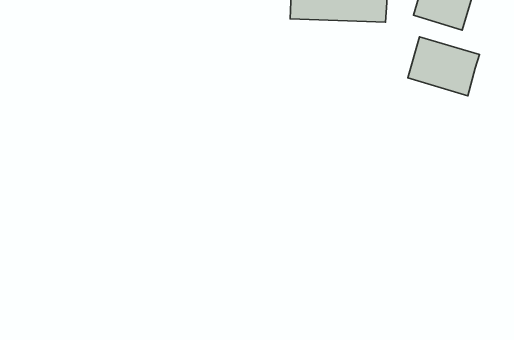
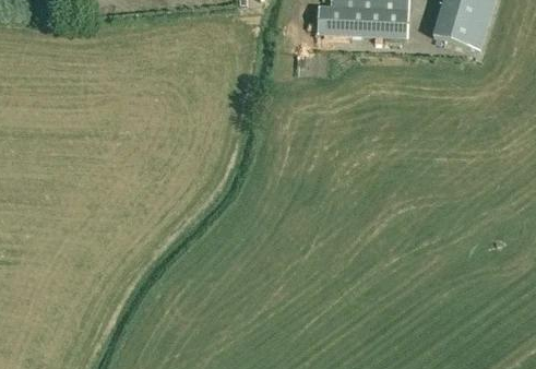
building: [408,37,479,96] -> none

